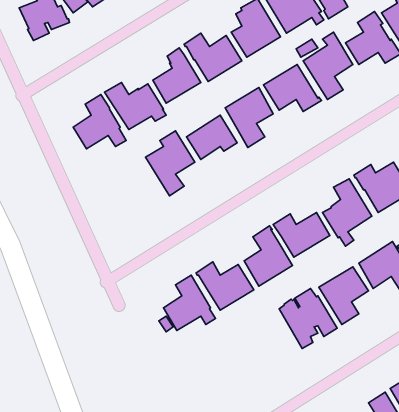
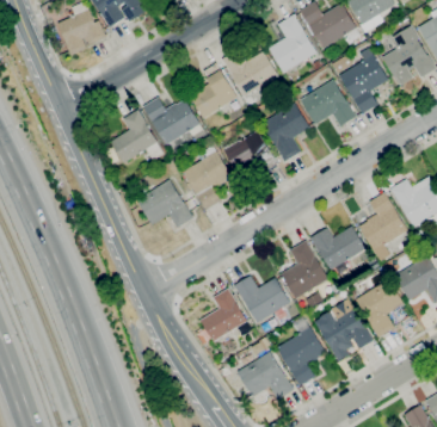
building: none -> [136,180,193,228]
building: none -> [276,318,326,386]
building: none -> [236,352,294,400]

